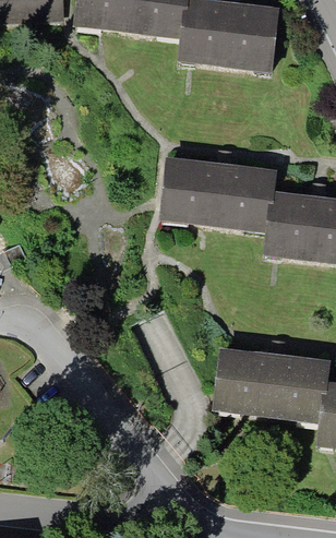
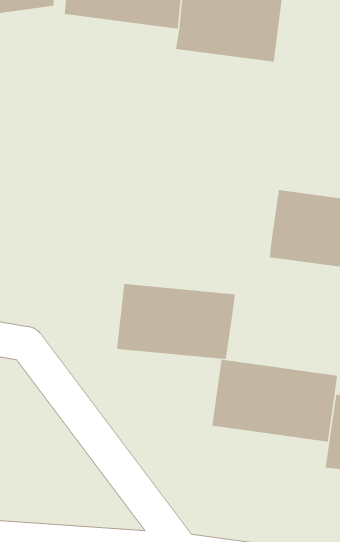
building: [163,159,274,230] -> [116,284,236,360]

